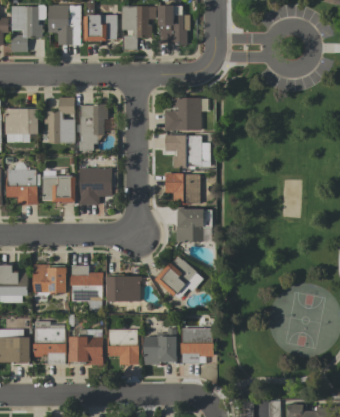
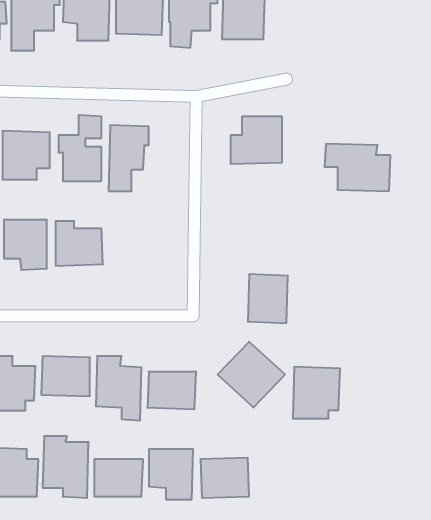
building: [164,135,210,168] -> [324,144,390,191]
building: [78,168,111,205] -> none
building: [164,173,199,204] -> none
building: [180,327,213,363] -> [293,367,340,419]

